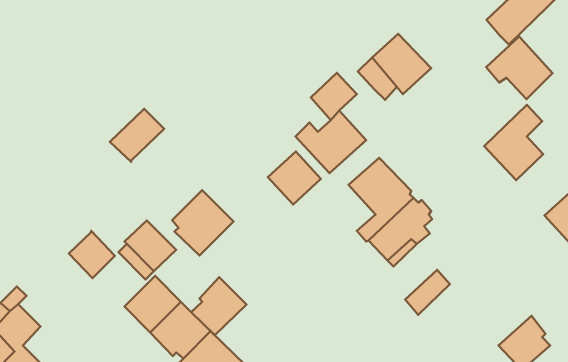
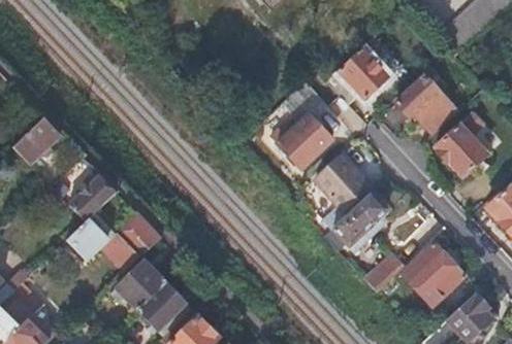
building: [486,37,552,99] -> [394,76,452,131]
building: [110,109,164,162] -> [71,174,119,220]
building: none -> [14,116,62,163]
building: [268,151,321,205] -> none
building: [172,190,233,255] -> none
building: none -> [402,243,462,306]
building: [191,277,247,335] -> none

